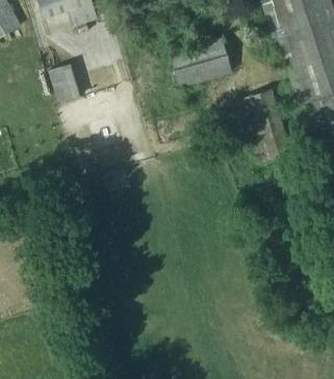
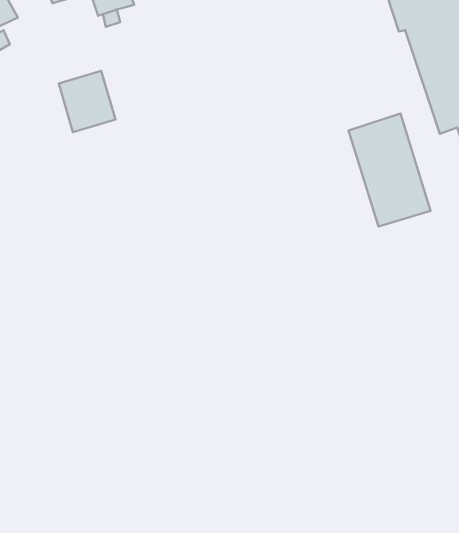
building: [168,35,232,87] -> none

